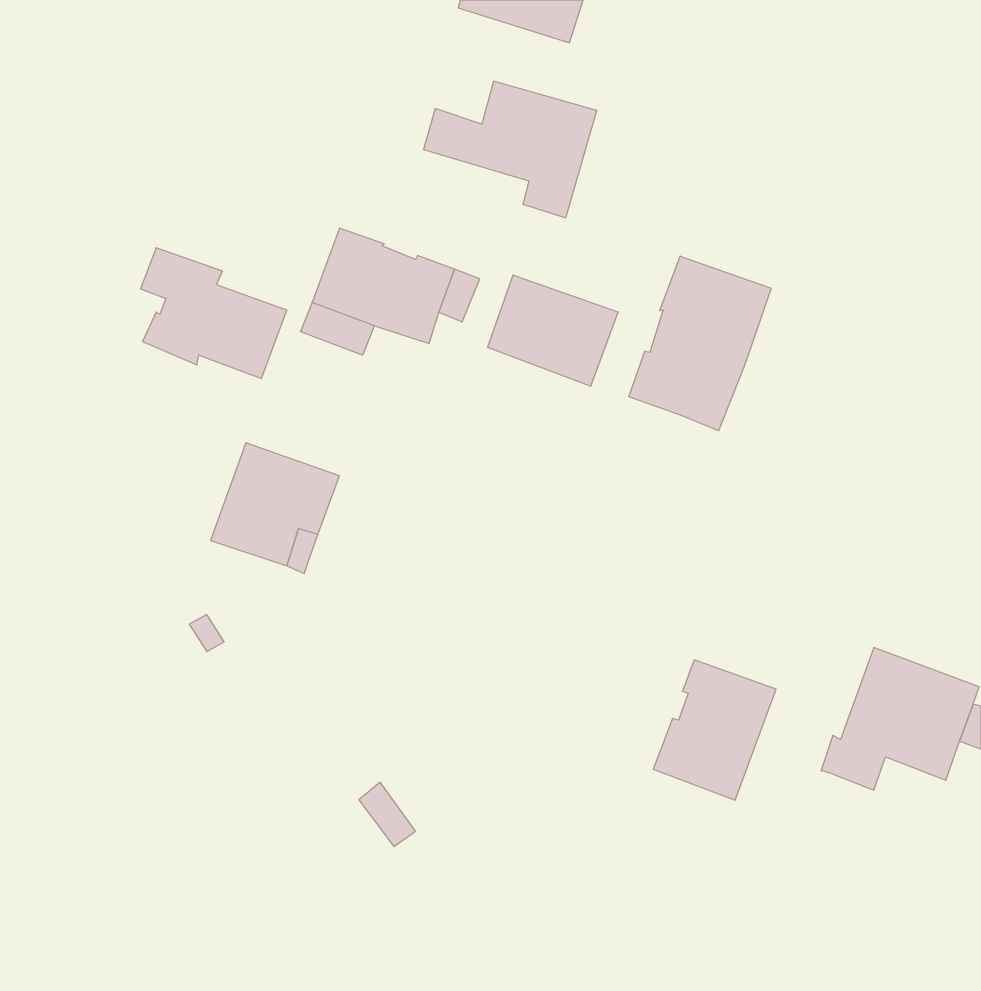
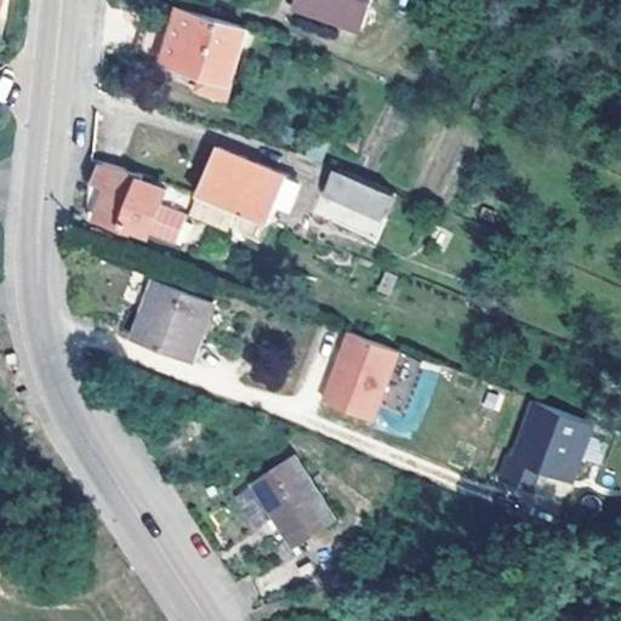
building: [423,81,597,218] -> [131,12,239,97]
building: [629,256,771,431] -> none
building: [653,660,776,800] -> [334,338,410,426]
building: none -> [246,457,329,547]

